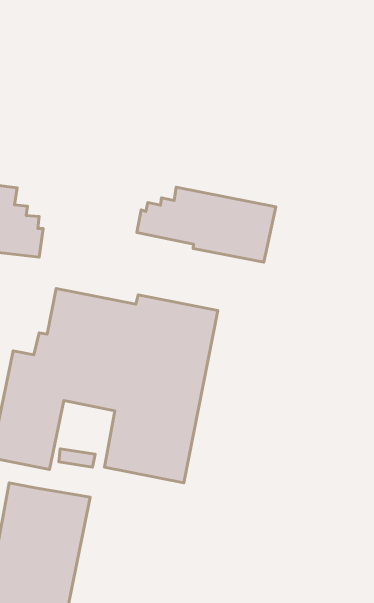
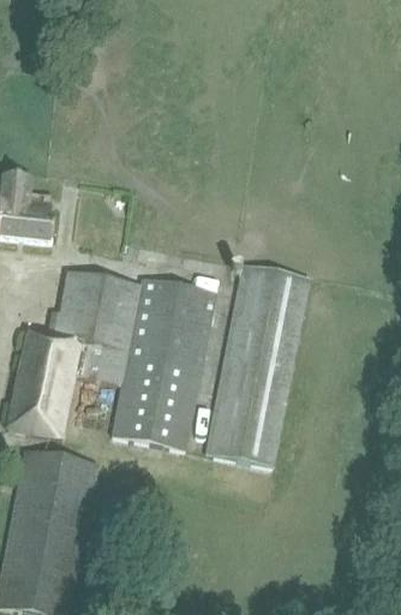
building: [137,187,276,262] -> none
building: none -> [207,264,309,466]

